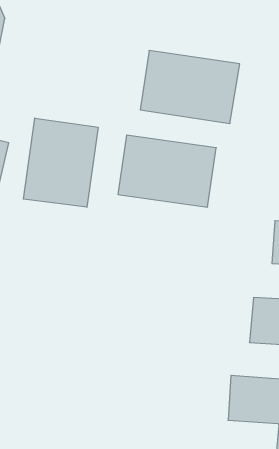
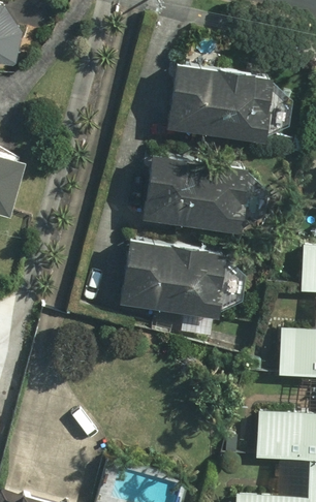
building: [23,118,98,207] -> none
building: none -> [121,241,226,318]

